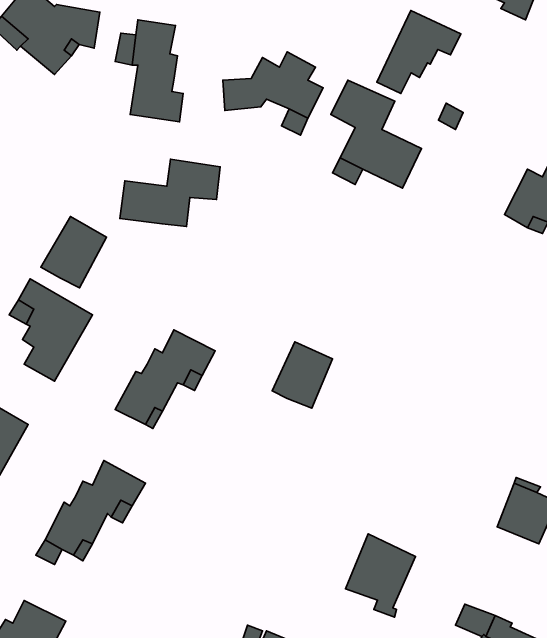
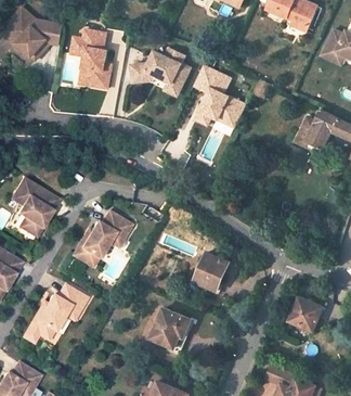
building: [377,11,461,94] -> none
building: [120,159,220,227] -> none
building: [41,217,106,288] -> none
building: [272,342,333,408] -> [194,253,229,291]
building: [345,534,415,617] -> [151,307,191,355]

